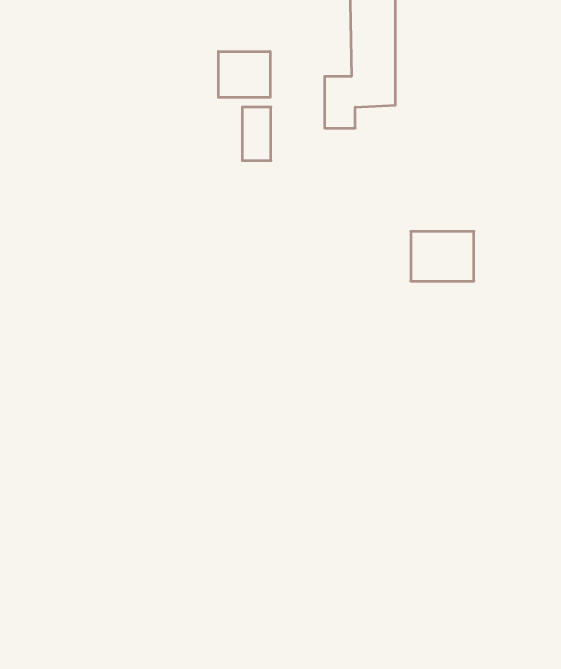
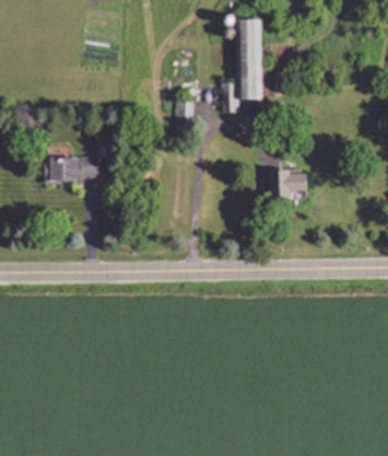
building: [218,51,270,97] -> none
building: none -> [45,154,99,182]

